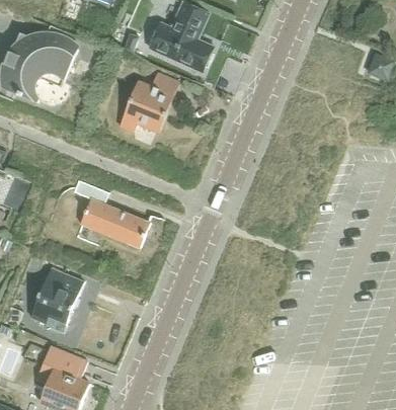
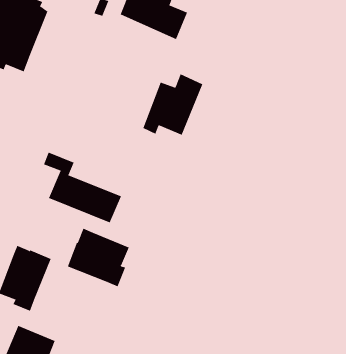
building: [120,74,178,134] -> [142,74,203,135]
building: none -> [67,228,129,287]

